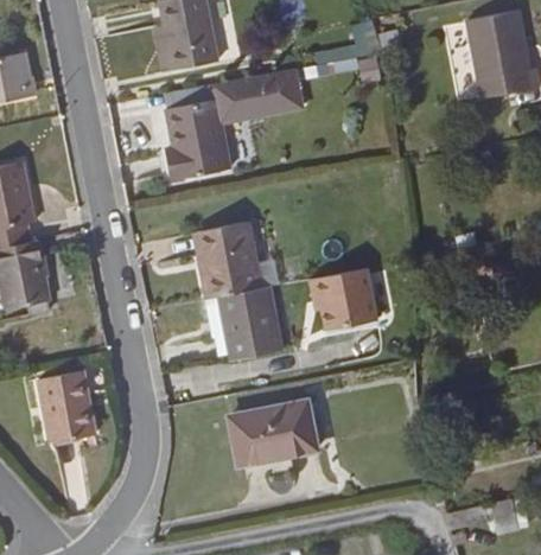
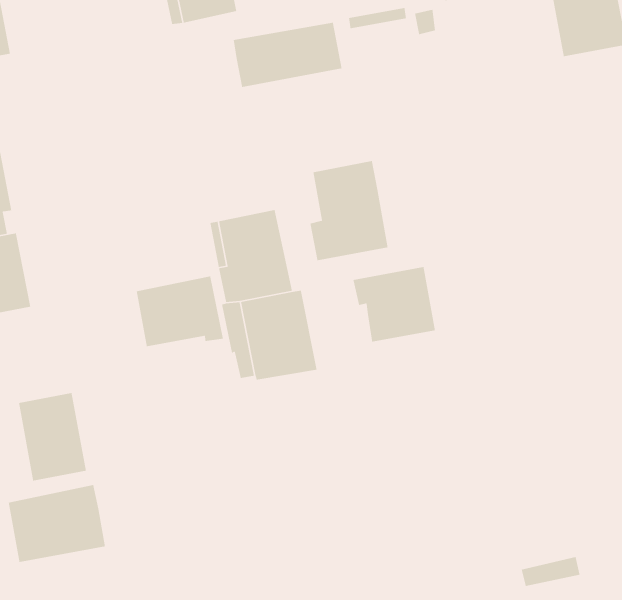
building: [165,98,229,180] -> [310,160,388,261]
building: none -> [136,275,224,347]
building: [229,401,317,465] -> none
building: none -> [8,484,106,563]

